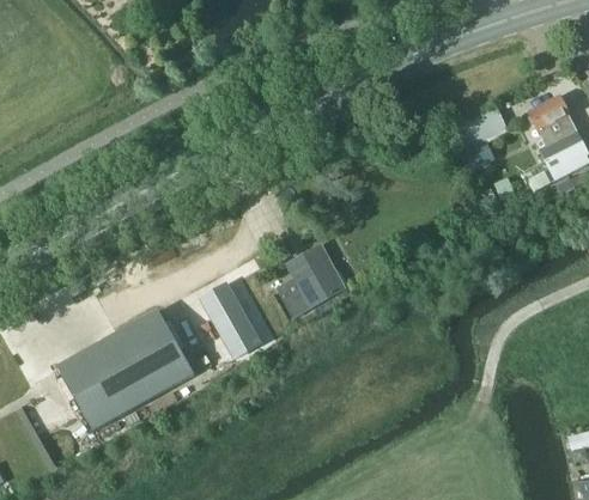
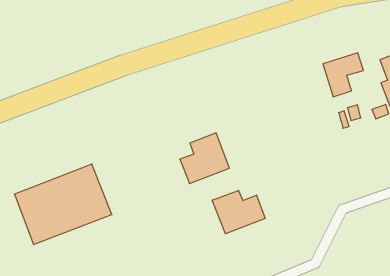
building: [217,287,256,350] -> none
building: none -> [212,190,265,234]

